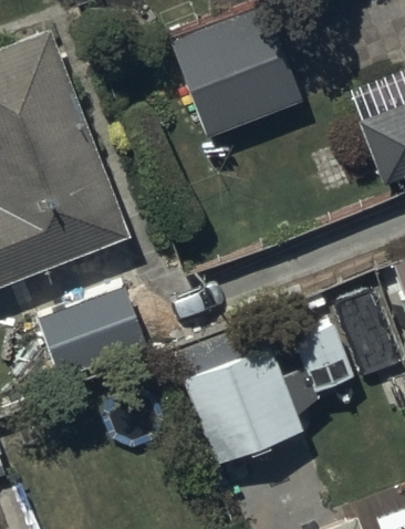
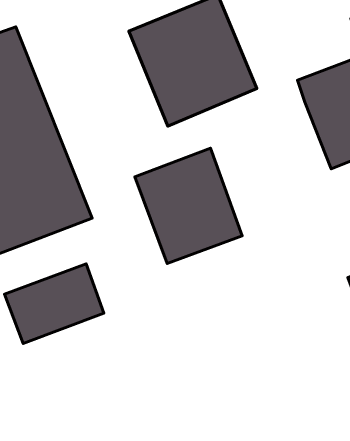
building: none -> [135,148,242,264]
building: [183,321,356,464] -> none

